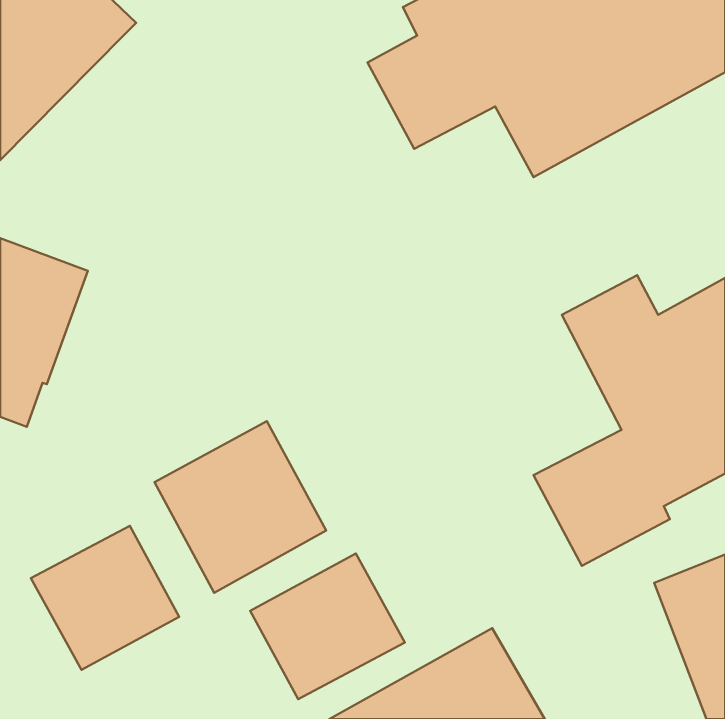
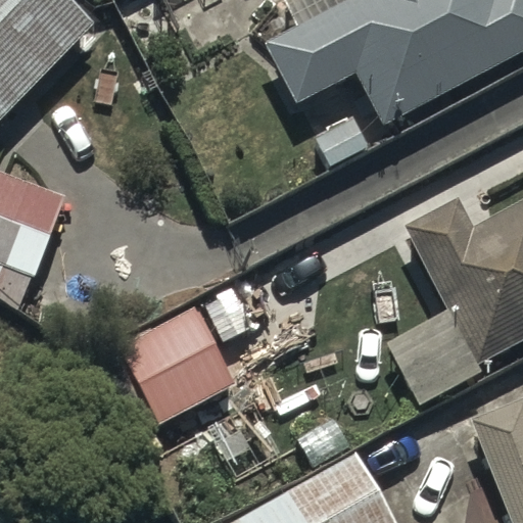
building: [31,526,179,670] -> none
building: [250,554,405,699] -> none

